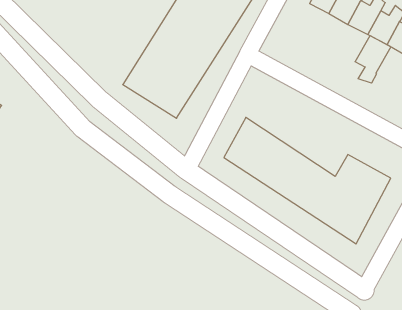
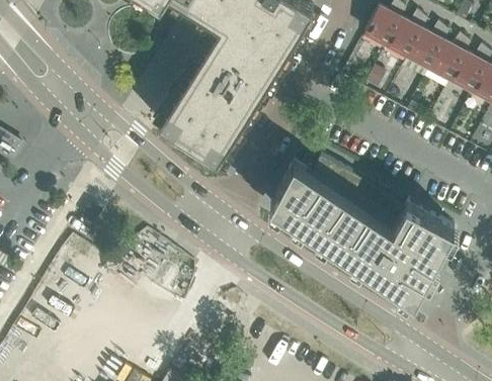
building: [355,36,391,83] -> none

